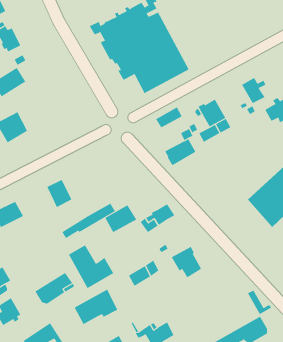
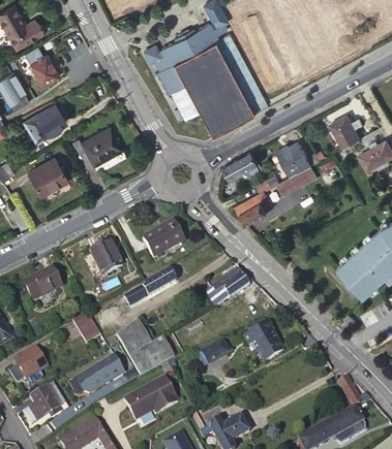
building: none -> [72,126,122,165]
building: [105,204,137,233] -> [144,222,184,257]
building: none -> [72,312,100,343]

